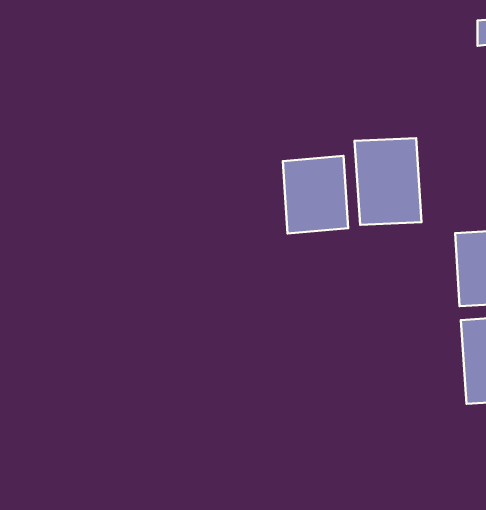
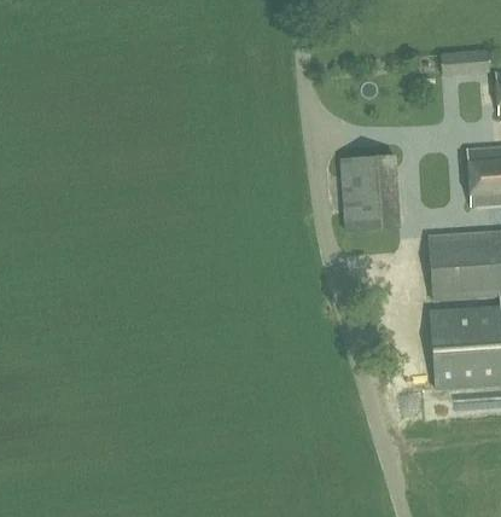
building: [283,156,348,233] -> none

